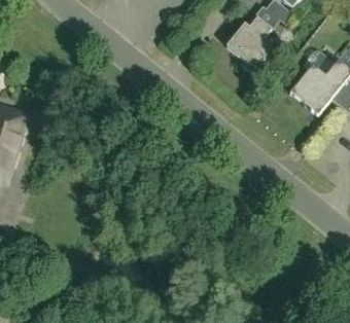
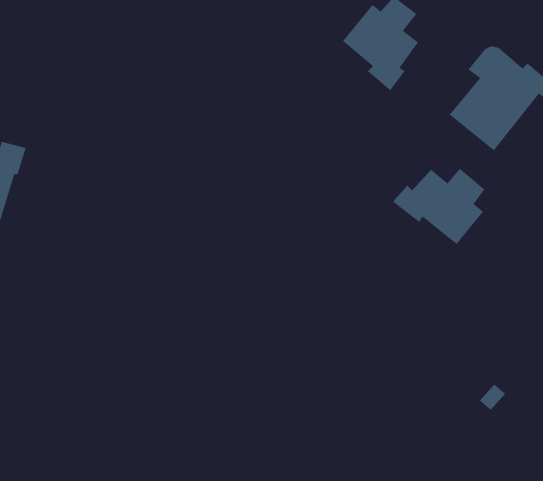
building: none -> [392,168,485,245]

